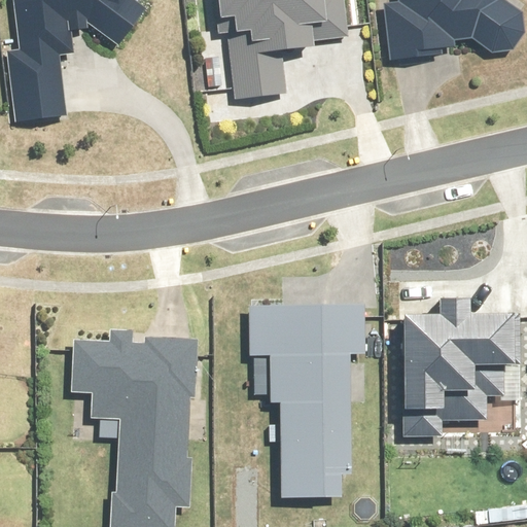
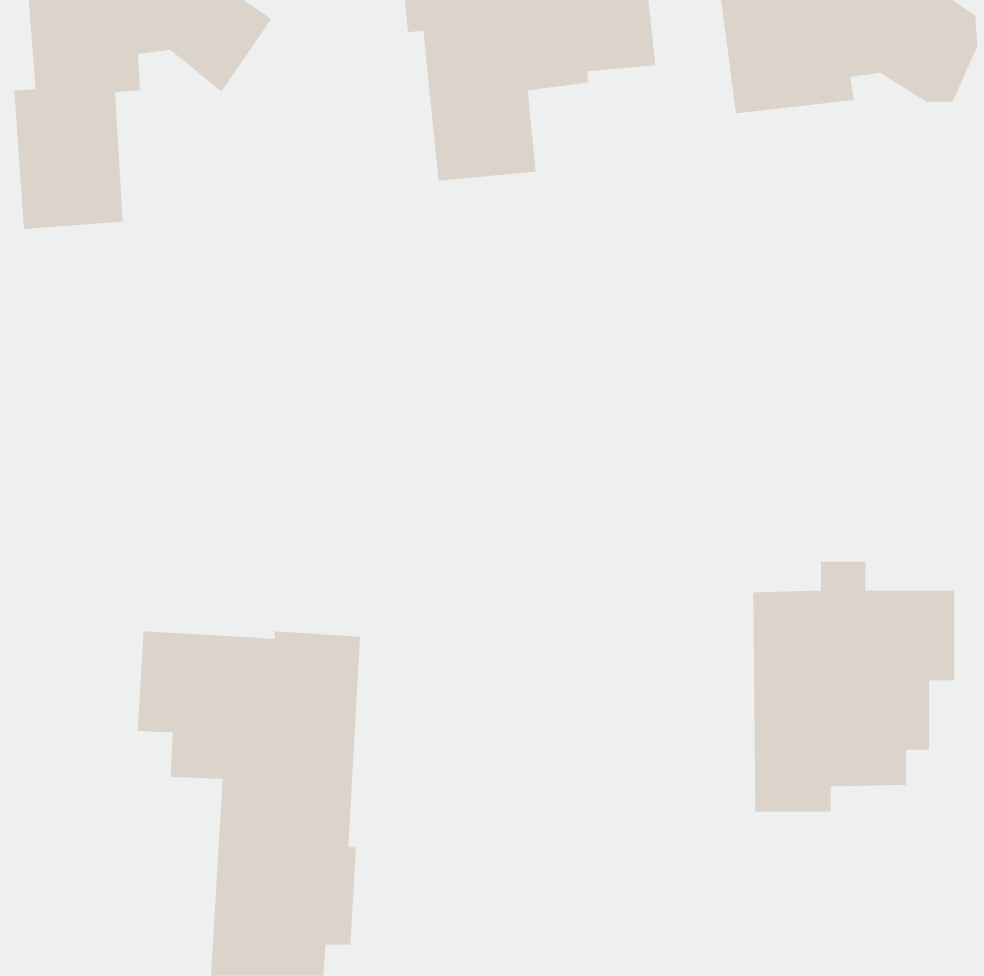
building: [252,303,365,495] -> none

